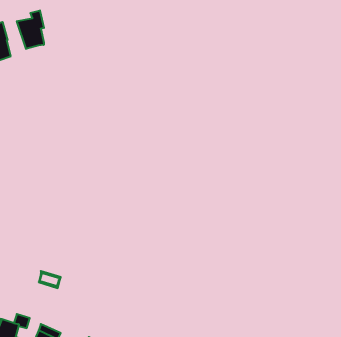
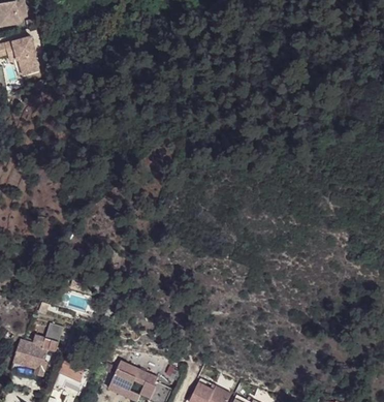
building: [17,10,44,49] -> none

